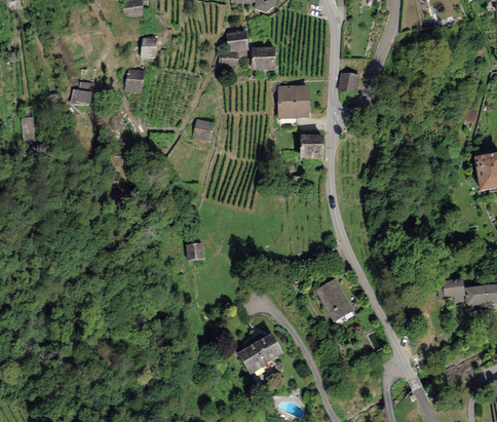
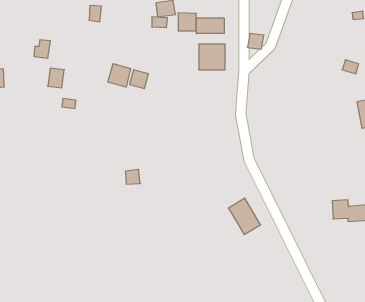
building: none -> [196,18,224,34]
building: [124,68,145,92] -> [48,68,64,88]
building: none -> [108,64,130,87]
building: [300,135,324,159] -> none
building: [237,333,283,374] -> none

